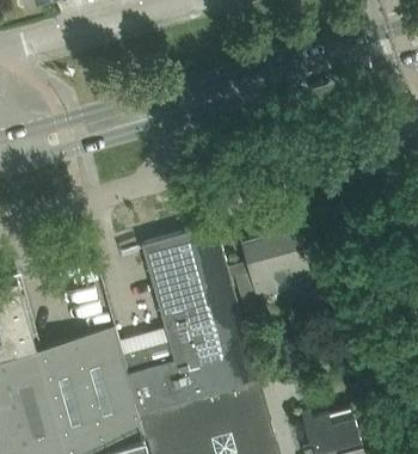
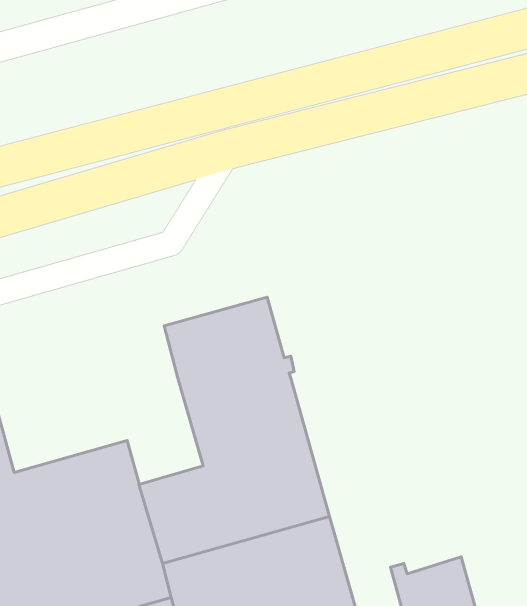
building: [230,228,330,299] -> none

